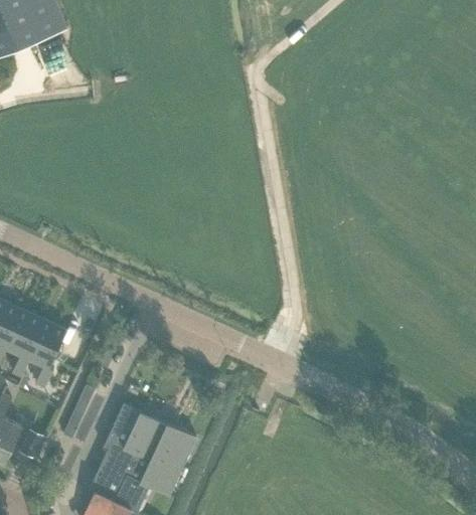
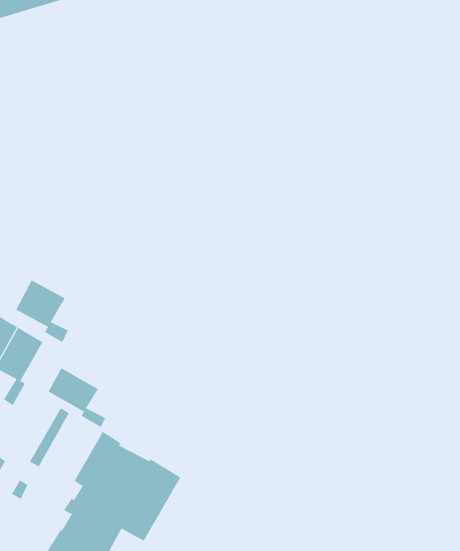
building: none -> [15,280,69,343]
building: none -> [48,367,106,428]

